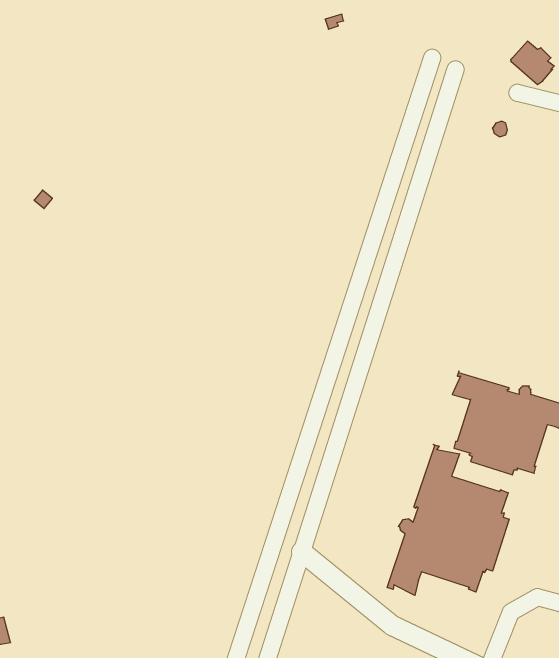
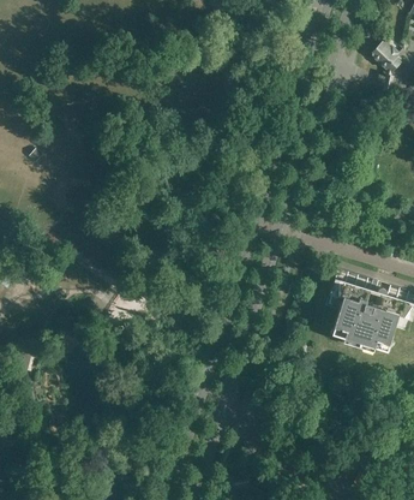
building: [387,444,509,595] -> none

